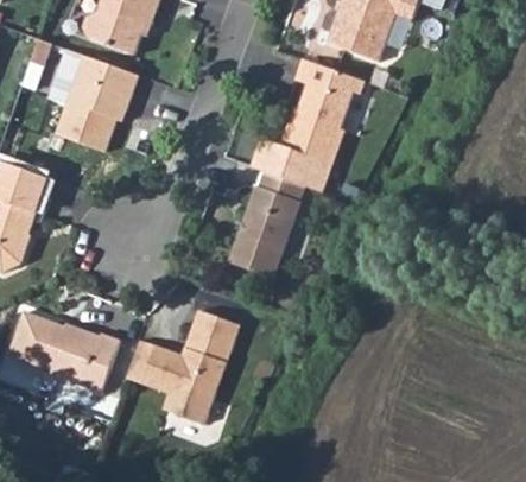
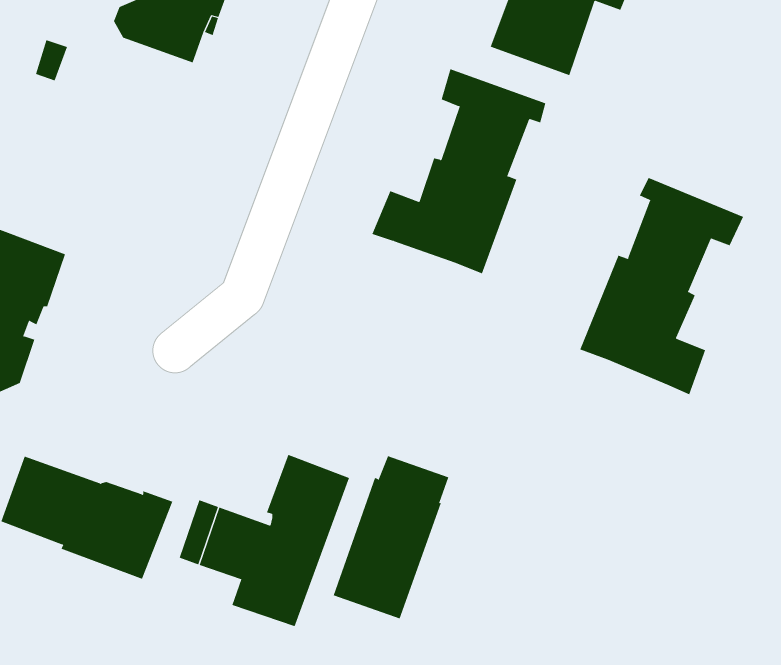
building: [56,55,139,151] -> none
building: none -> [580,177,744,395]
building: [229,170,305,277] -> [333,455,449,619]

